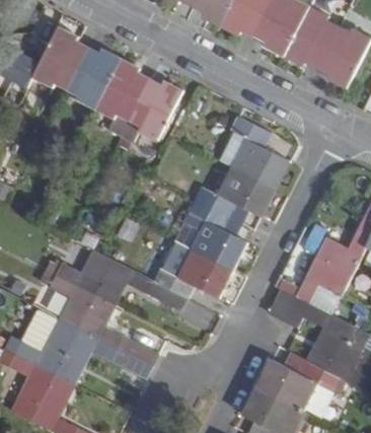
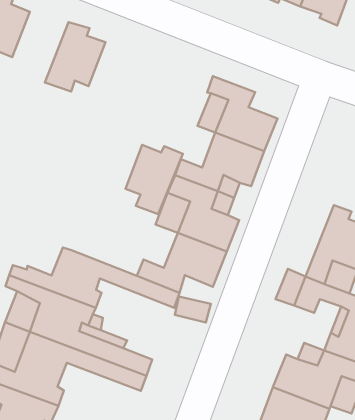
building: [63,48,119,109] -> none
building: [130,80,181,140] -> [125,145,183,214]

